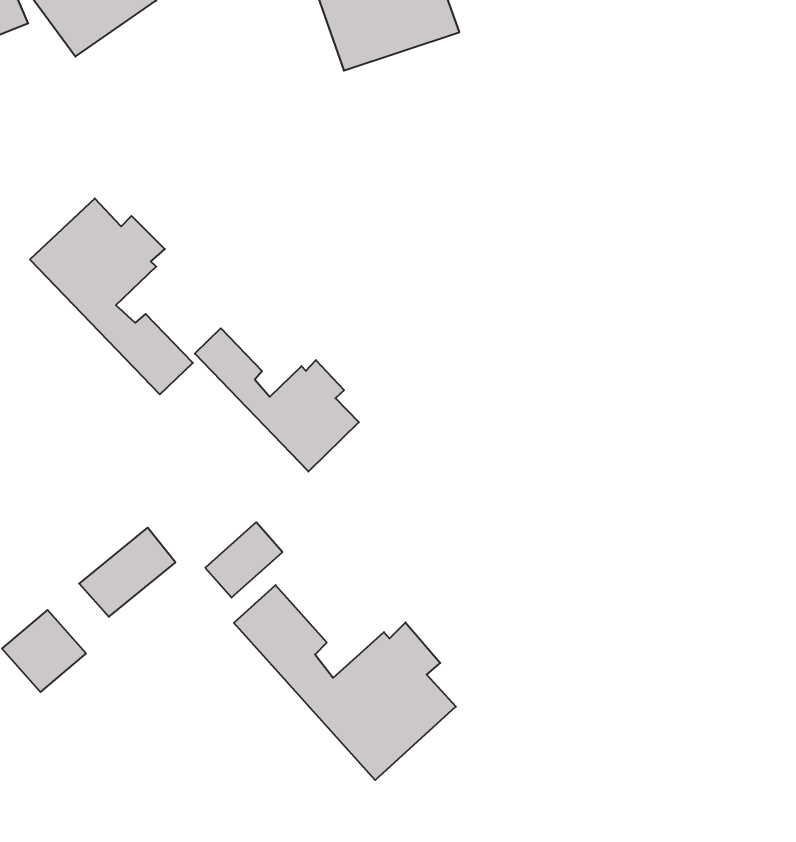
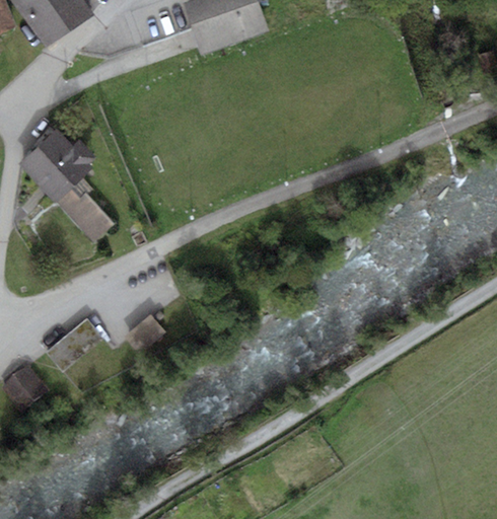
building: [195,328,359,472] -> none
building: [234,585,456,780] -> none

